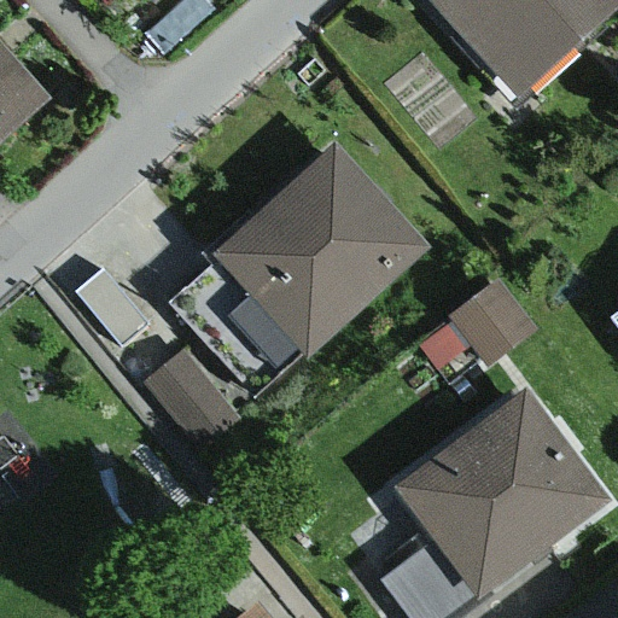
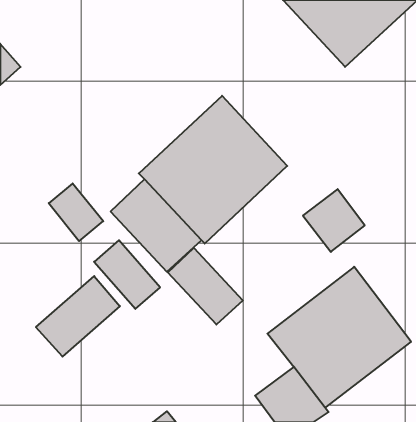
building: none -> [168,248,243,325]
building: none -> [36,276,120,357]

